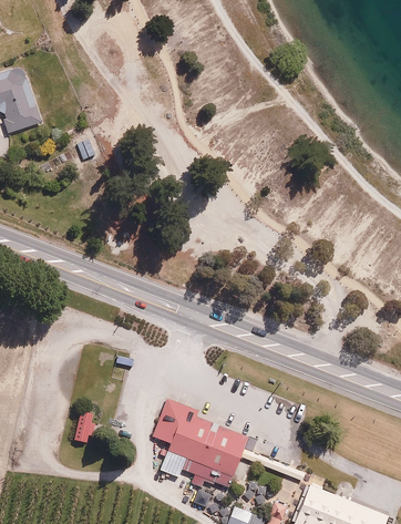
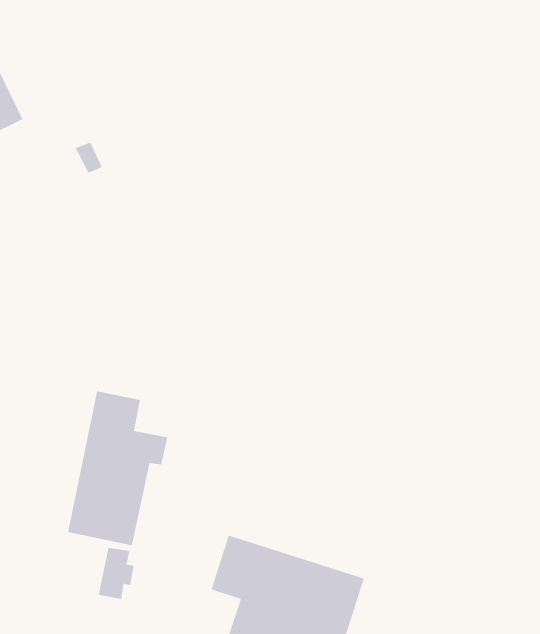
building: none -> [67,391,168,546]

